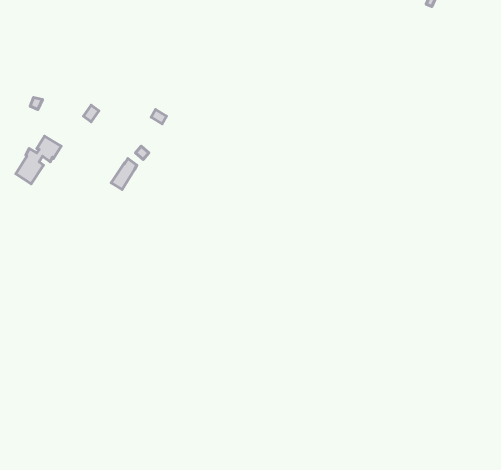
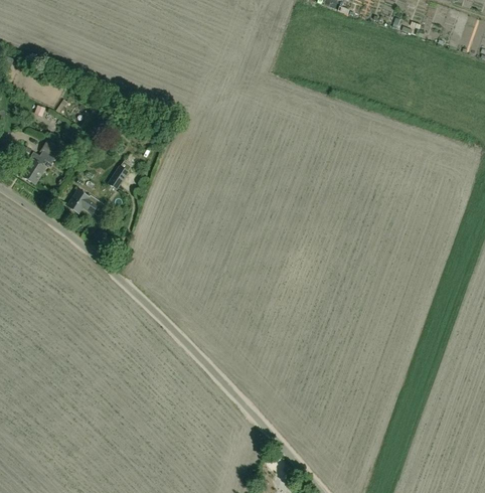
building: none -> [68,188,100,212]

